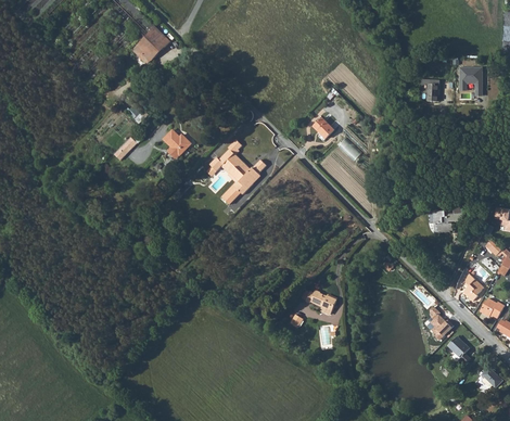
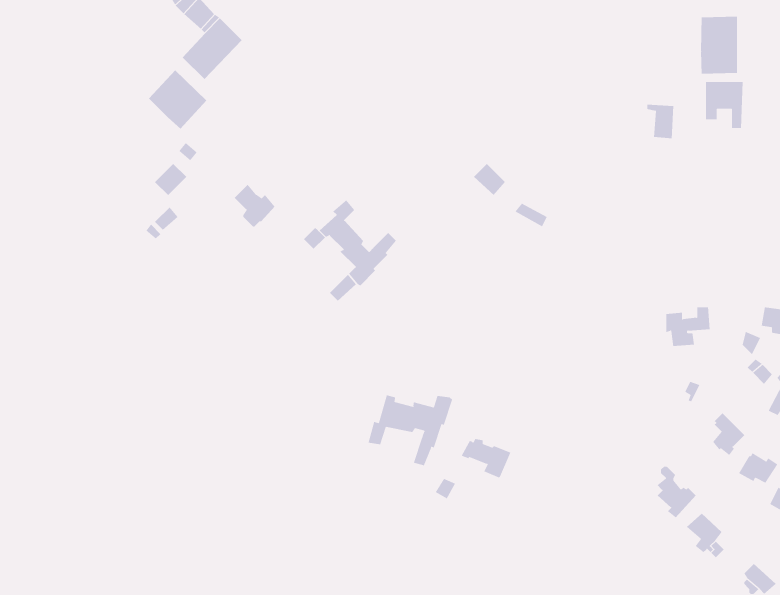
building: none -> [701,16,737,74]
building: none -> [148,70,207,129]
building: none -> [368,394,453,466]

